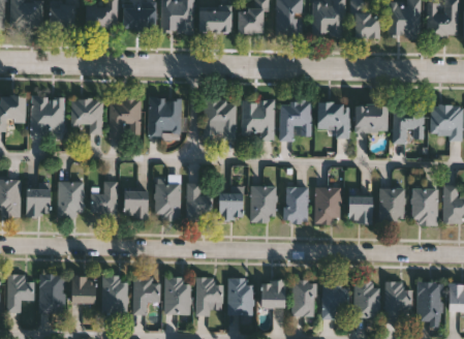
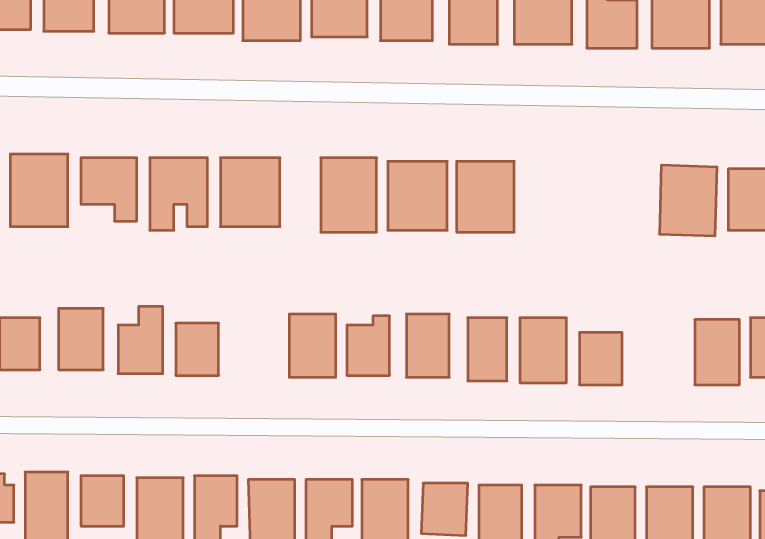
building: [318,103,349,137] -> none
building: [354,105,388,133] -> none
building: [156,178,180,220] -> none
building: [380,188,405,224] -> none

